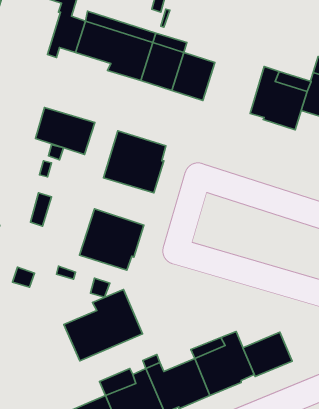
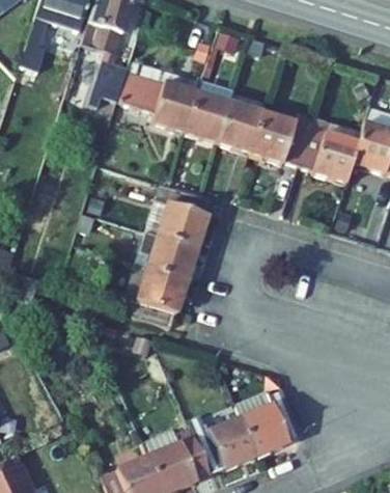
building: none -> [249,114,312,167]
building: [35,107,95,155] -> [137,234,198,282]
building: [64,289,143,361] -> none
building: [243,332,292,377] -> none

